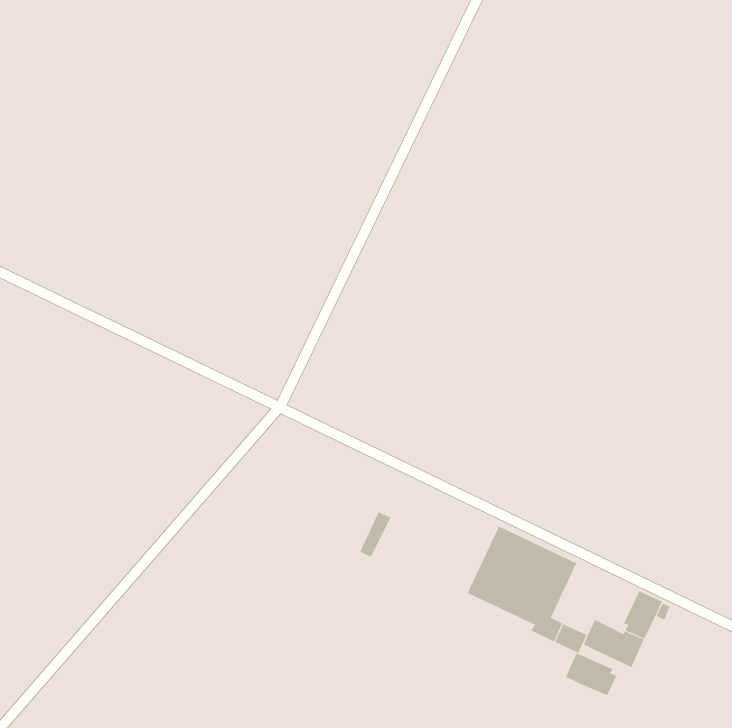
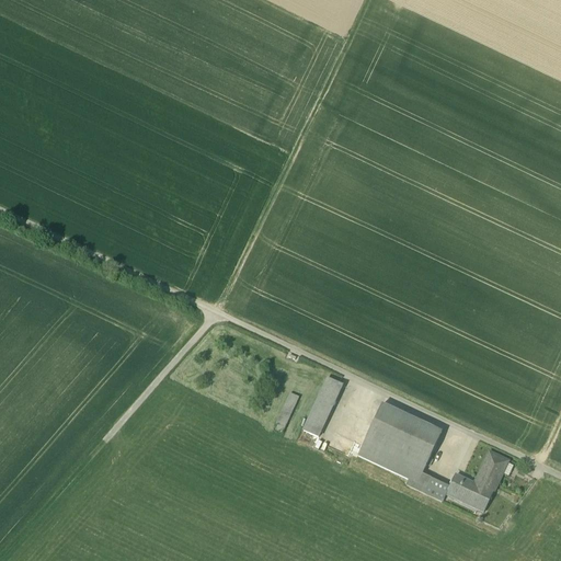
building: none -> [304,377,342,435]
building: [565,652,617,696] -> none

